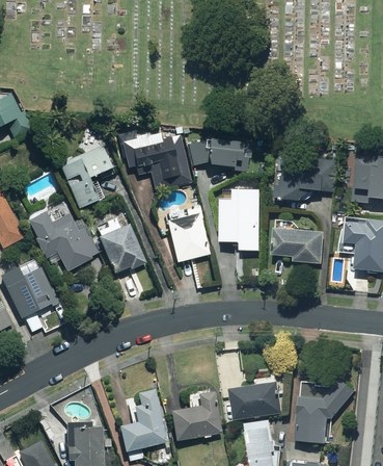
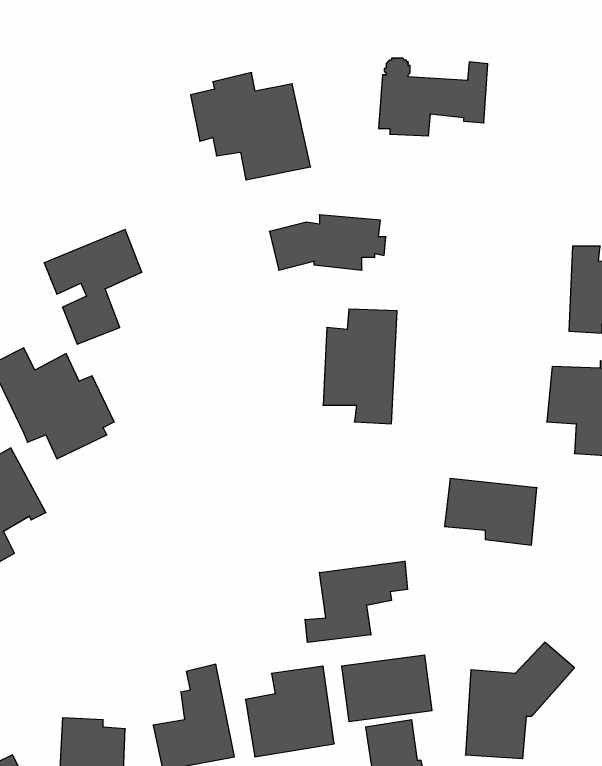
building: [124,129,191,189] -> [191,73,311,180]
building: [277,157,338,201] -> [379,58,488,136]
building: [159,206,211,261] -> none
building: [97,214,147,271] -> none
building: [274,227,326,264] -> [445,478,537,545]
building: none -> [305,561,407,642]

